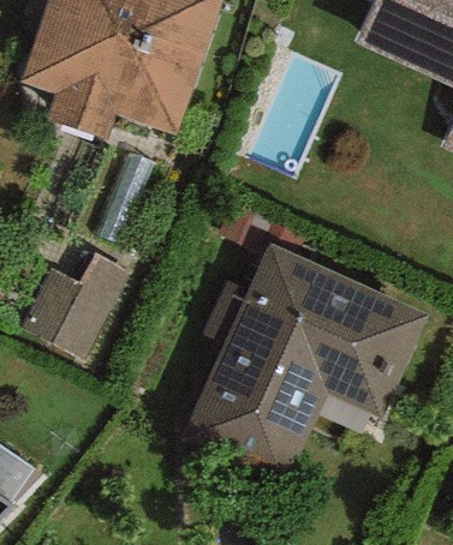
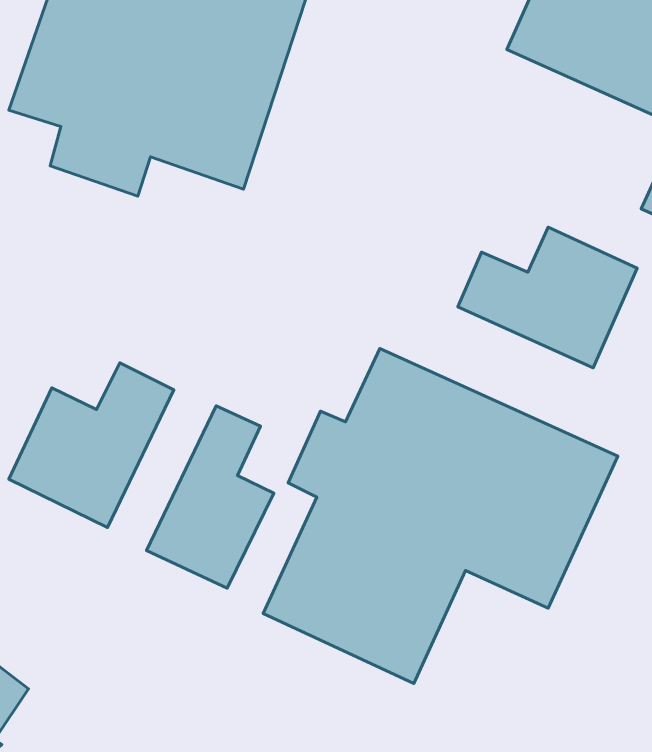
building: none -> [458,227,637,368]
building: none -> [147,406,274,588]

